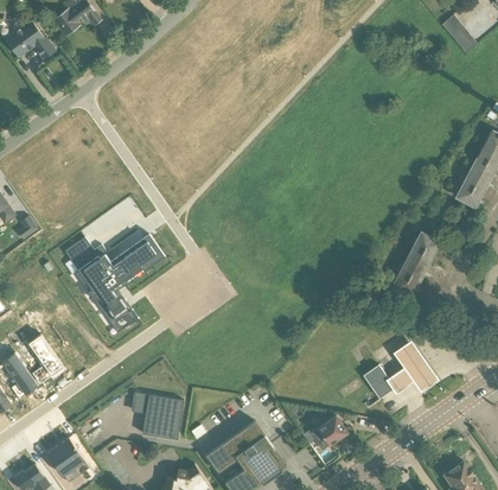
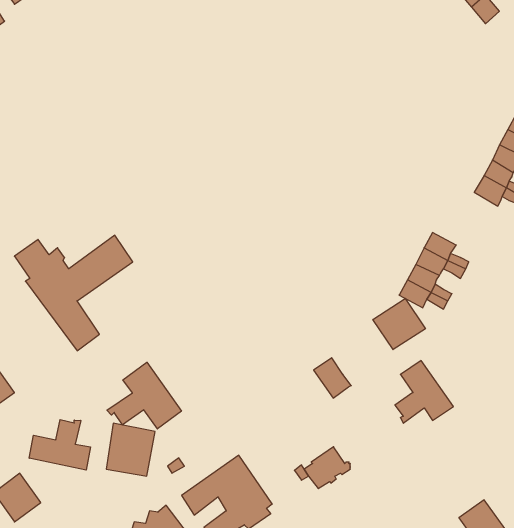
building: none -> [373,298,425,350]
building: none -> [107,362,181,429]
building: [363,364,395,399] -> [314,358,351,398]
building: none -> [29,420,90,470]

